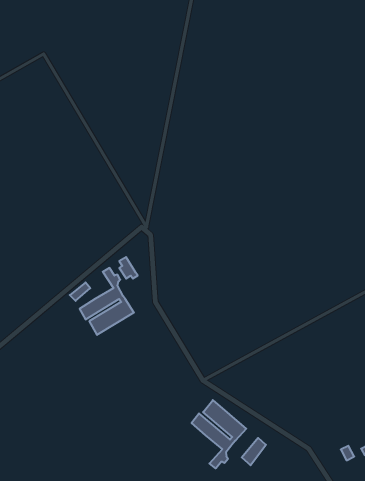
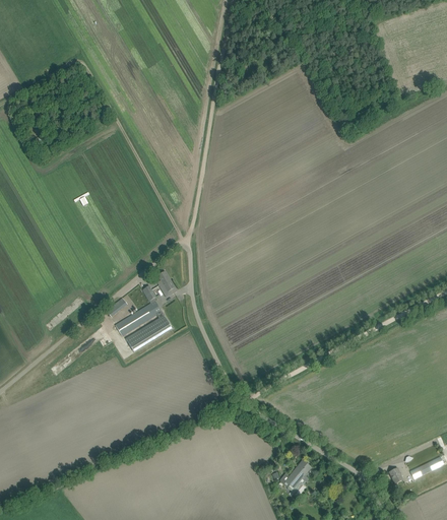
building: [192,400,246,468] -> none

